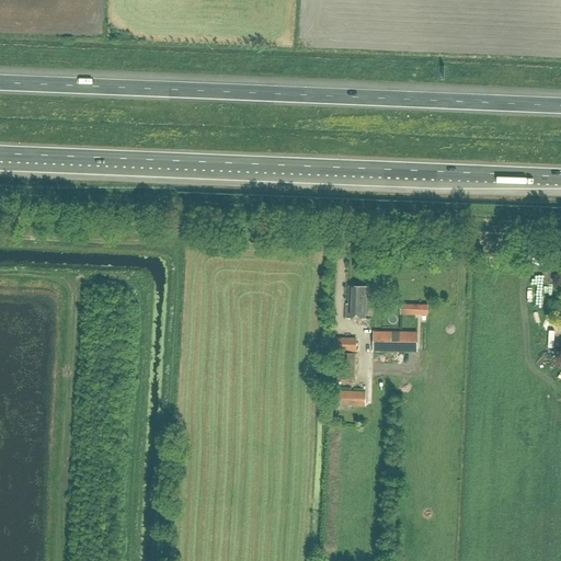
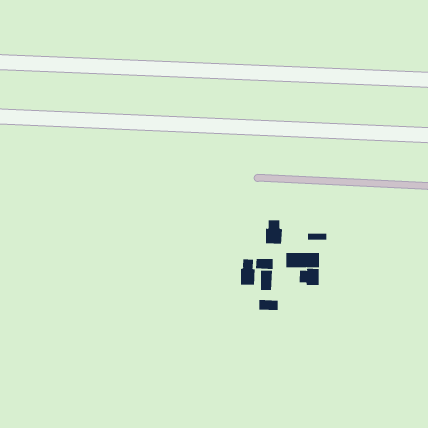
building: none -> [240,258,255,285]
building: none -> [299,268,319,286]

